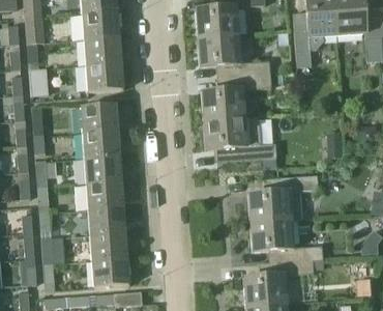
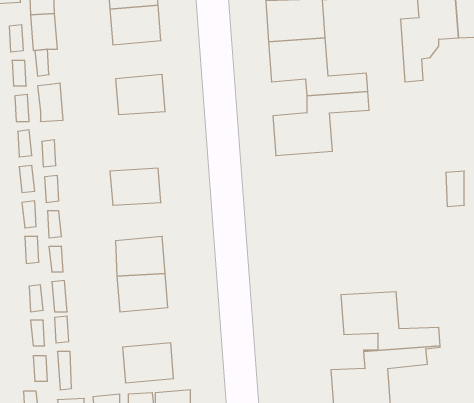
building: [84,36,120,64] -> none
building: [80,104,117,132] -> none
building: [203,116,276,160] -> none
building: [84,154,120,182] -> none
building: [248,175,318,222] -> none
building: [89,231,126,260] -> none

